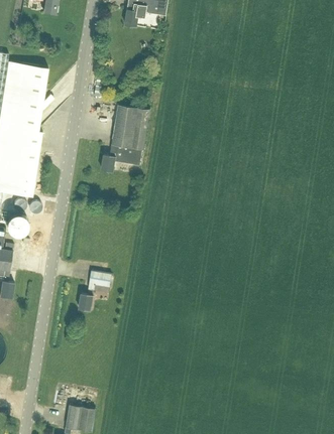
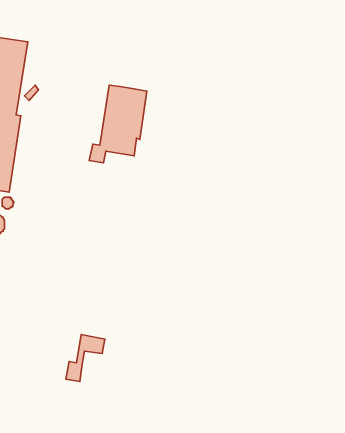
building: [78,270,111,310] -> [66,335,105,382]

